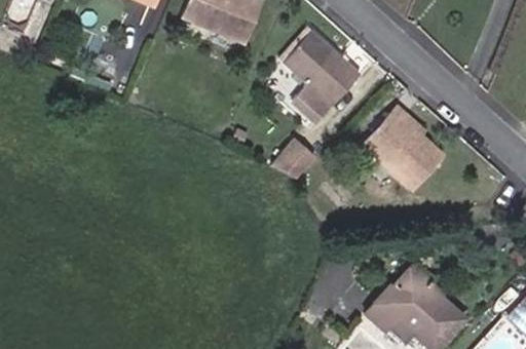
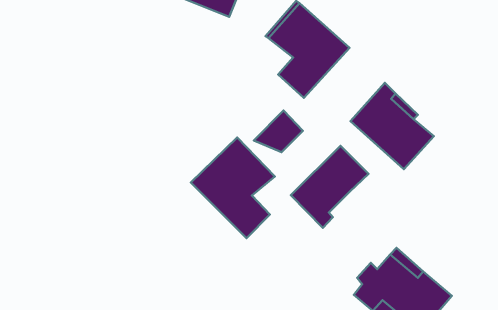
building: none -> [191,137,275,238]
building: none -> [291,146,369,228]

